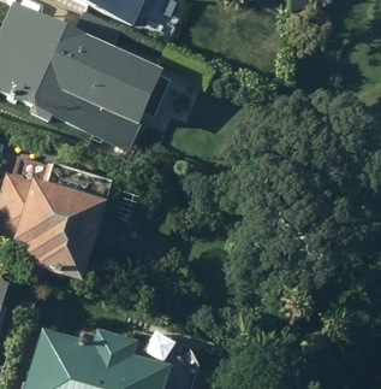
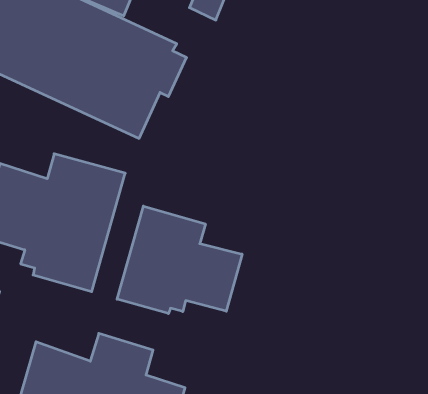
building: none -> [117,206,242,314]

